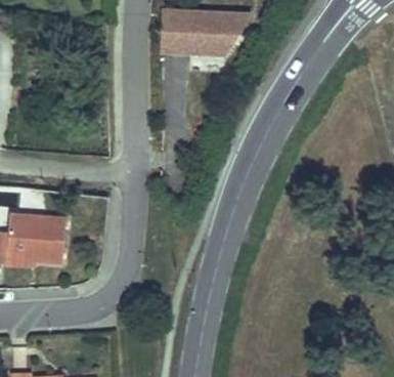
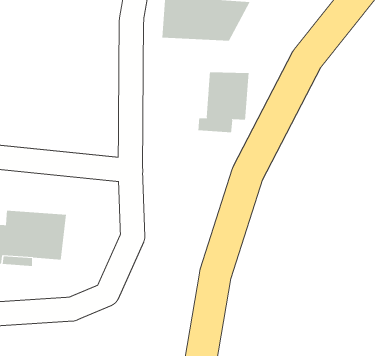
building: none -> [198,71,249,133]

